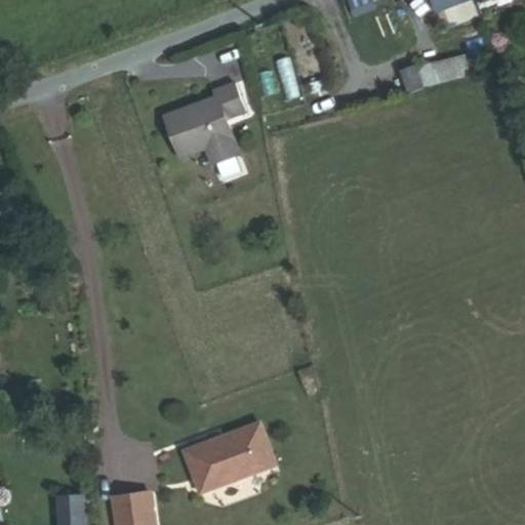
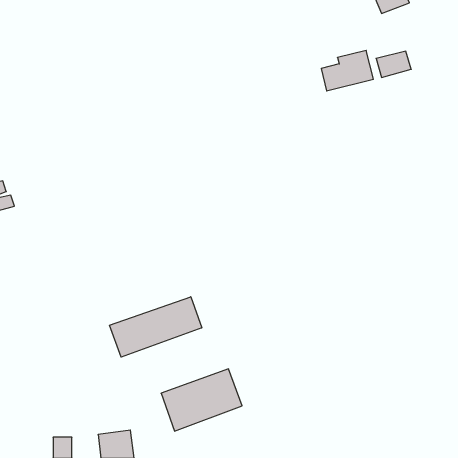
building: [163,87,245,167] -> none
building: none -> [109,297,202,357]

